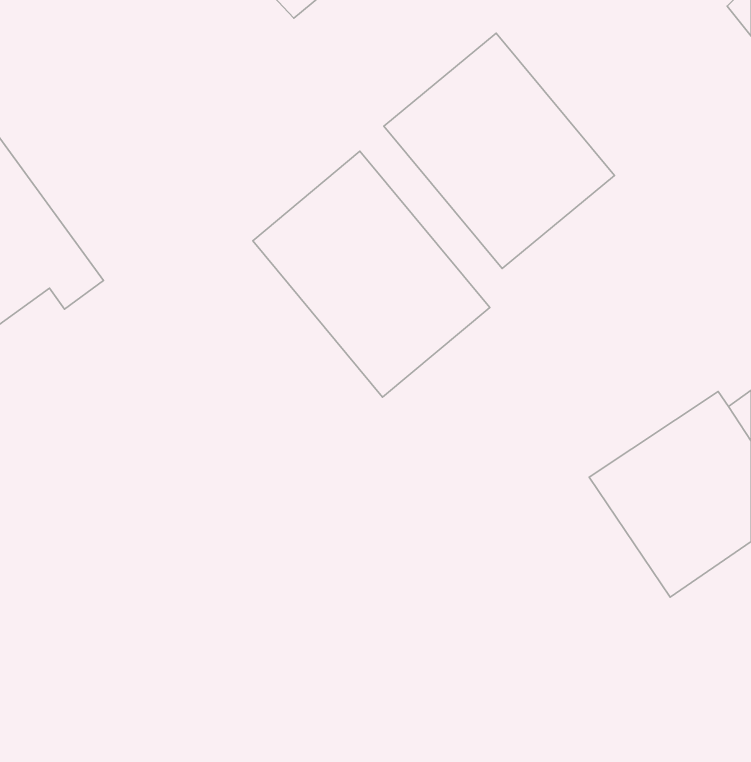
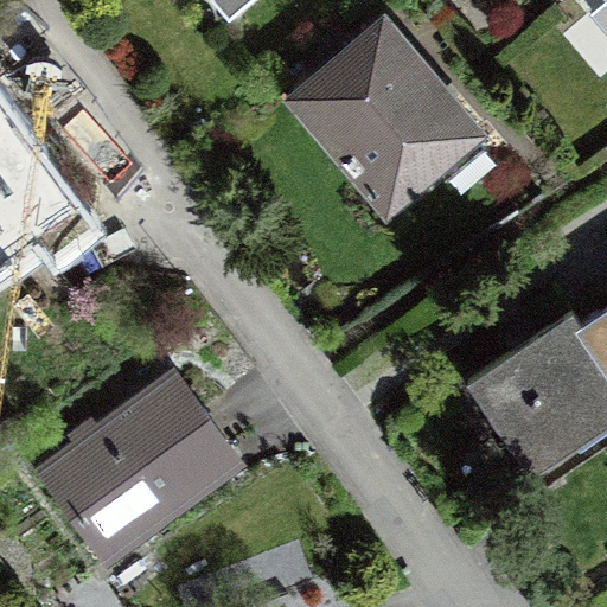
building: [253,151,490,397] -> none
building: none -> [33,369,245,570]

